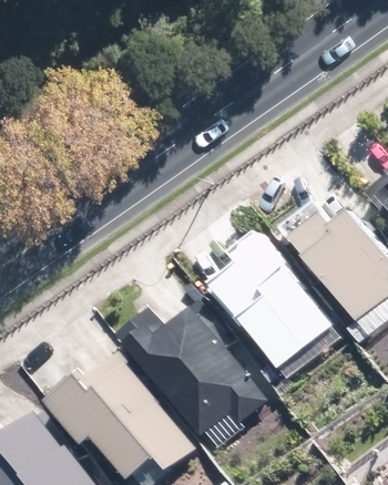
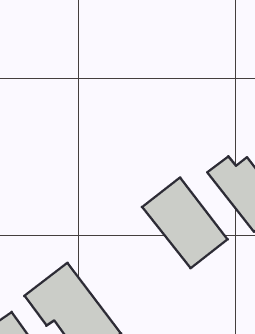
building: [127,310,259,430] -> none

